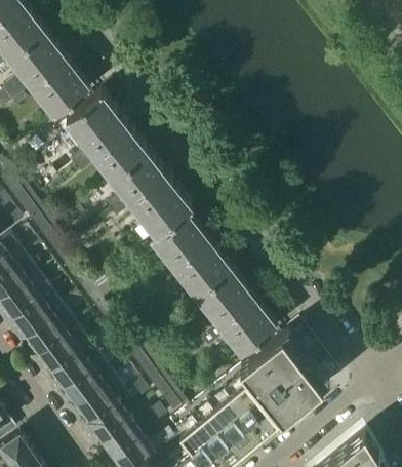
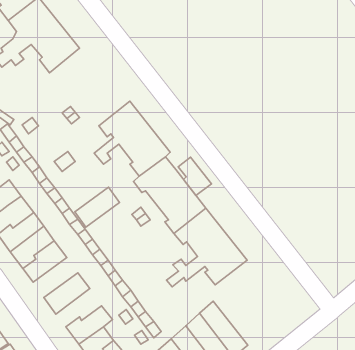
building: [66,94,147,181] -> none
building: none -> [178,157,211,195]
building: [38,328,88,374] -> [75,187,120,227]
building: [244,335,328,423] -> none
building: [64,363,115,406] -> none

